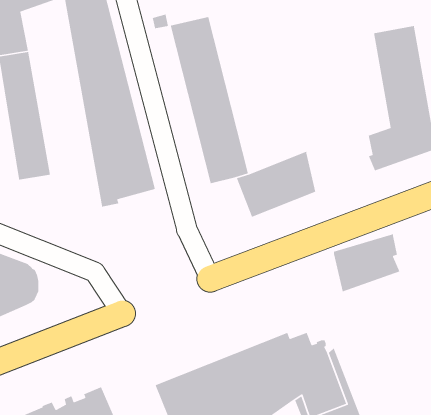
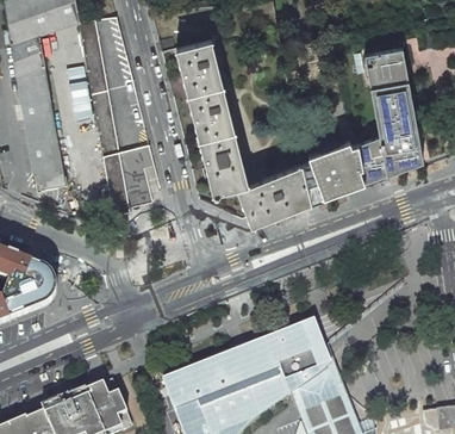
building: [333,233,400,293] -> [301,144,363,199]

